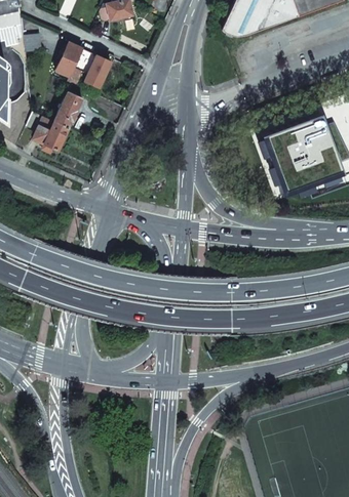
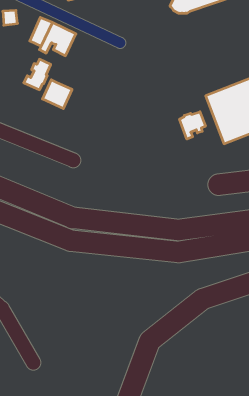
building: [33,116,68,150] -> [42,80,72,109]
building: none -> [180,112,205,139]

